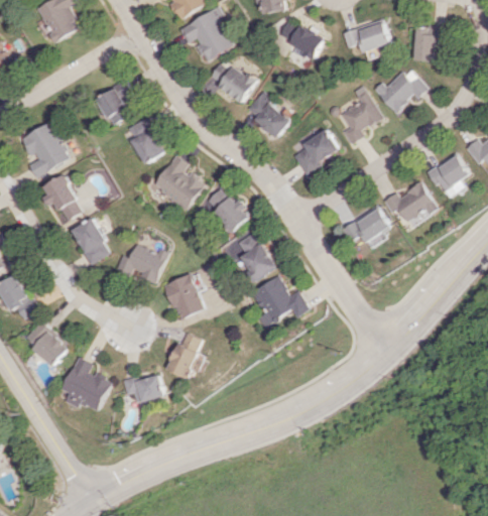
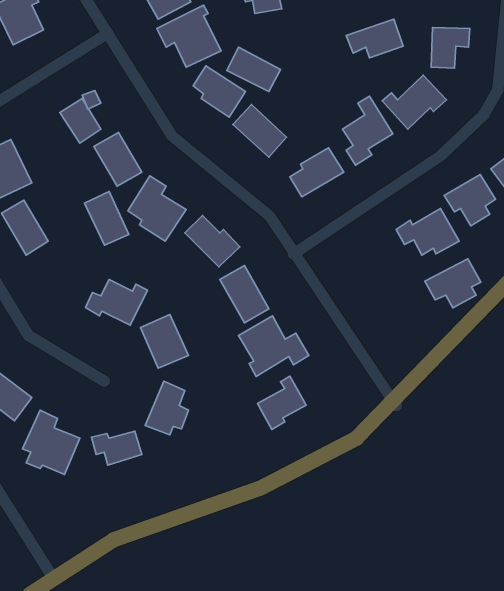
building: [277,19,324,57] -> [227,47,280,92]
building: [342,208,390,250] -> [425,259,481,308]
building: [73,218,111,264] -> [85,191,129,245]
building: none -> [257,376,306,429]

